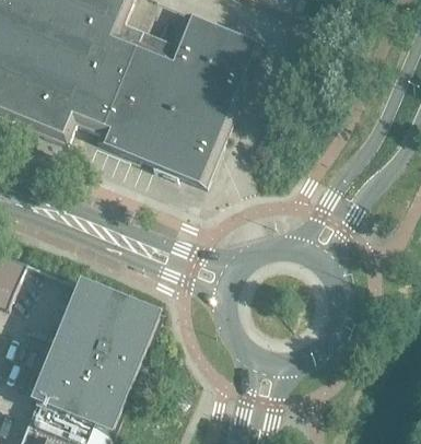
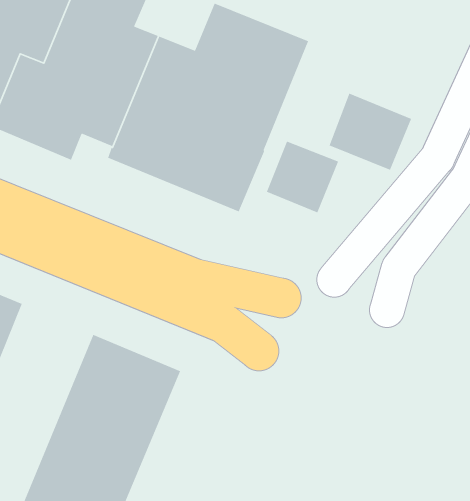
building: none -> [328,93,412,171]
building: none -> [266,140,339,213]

